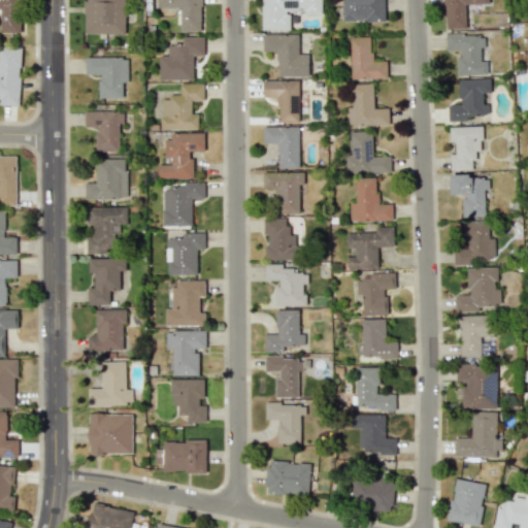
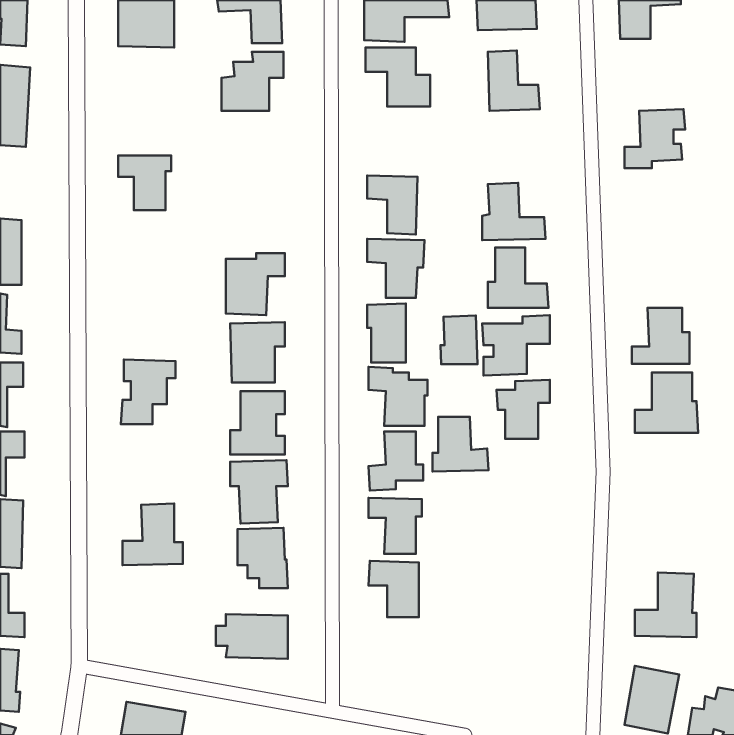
building: [447,34,488,75] -> none
building: [87,57,129,98] -> none
building: [264,79,299,123] -> none
building: [162,82,204,130] -> none
building: [348,84,390,126] -> none
building: [451,126,483,170] -> none
building: [158,134,205,178] -> none
building: [85,159,127,199] -> none
building: [451,175,490,217] -> none
building: [87,207,128,253] -> none
building: none -> [440,316,478,364]
building: [89,308,128,352] -> none
building: [459,315,493,357] -> none
building: [358,319,398,358] -> [432,417,489,471]
building: [457,364,498,408] -> none
building: [356,366,396,408] -> none
building: [89,414,133,454] -> none
building: [353,415,396,453] -> none
building: [267,461,310,494] -> none
building: [352,476,394,509] -> none

